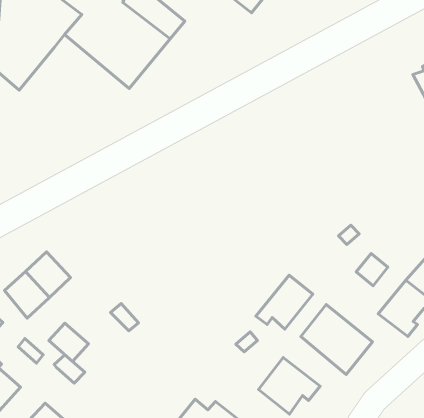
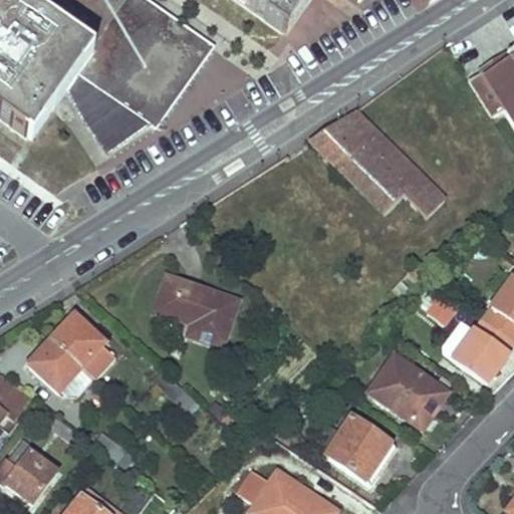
building: none -> [66,69,154,158]
building: none -> [309,107,446,215]
building: none -> [156,275,238,344]
building: [256,275,313,329] -> none
building: [49,323,88,361] -> none

